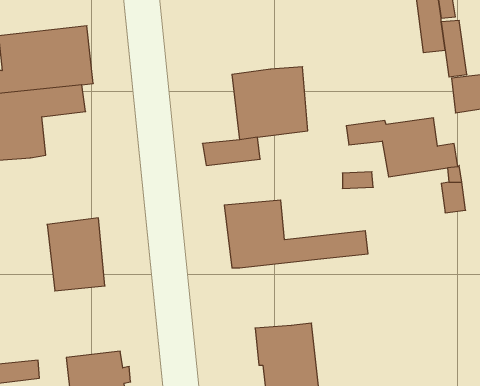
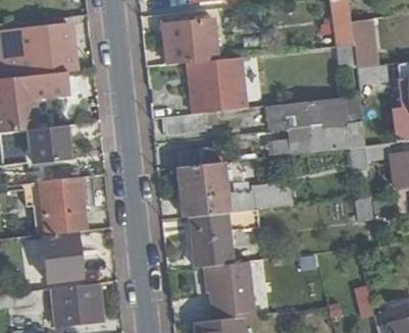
building: none -> [161,19,216,65]
building: none -> [25,125,70,165]
building: none -> [192,210,258,266]
building: none -> [42,235,82,281]

